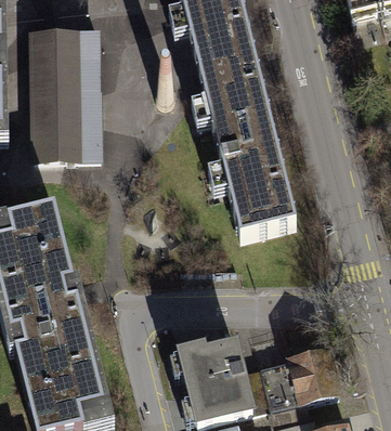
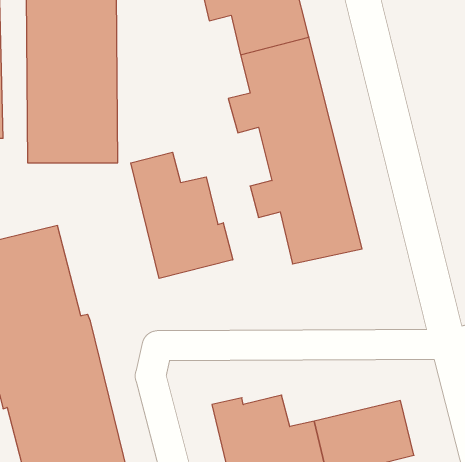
building: none -> [131,152,233,278]

